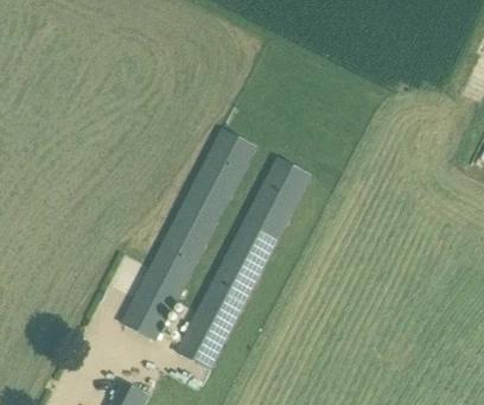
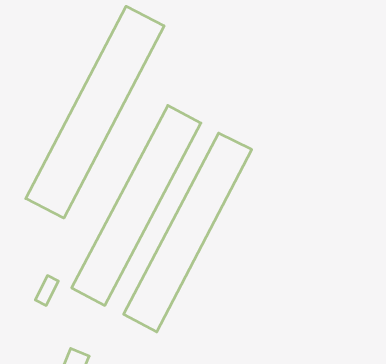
building: none -> [26,6,164,218]

